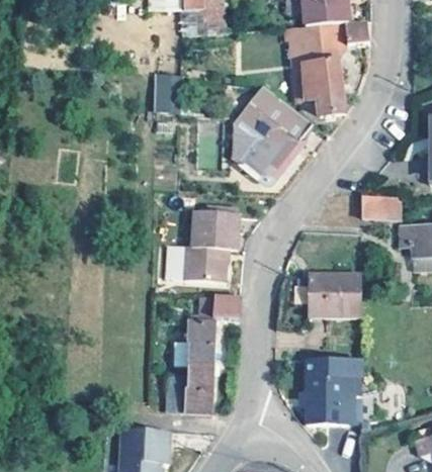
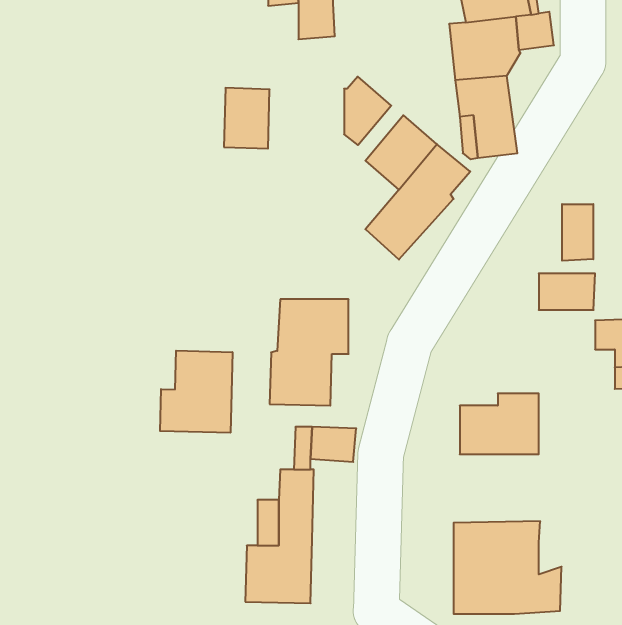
building: [237,119,268,165] -> [344,77,391,145]
building: none -> [562,204,593,261]
building: none -> [160,351,232,433]

